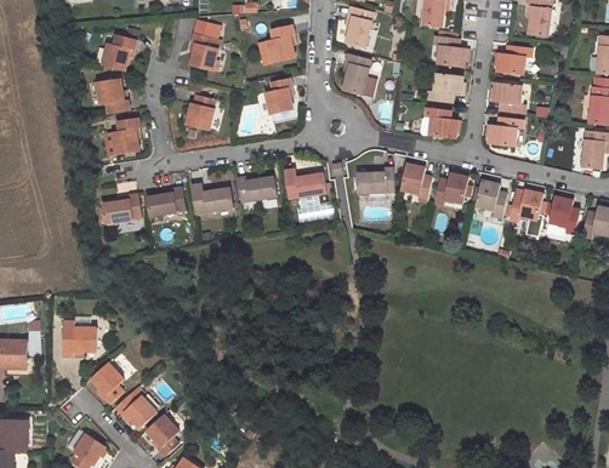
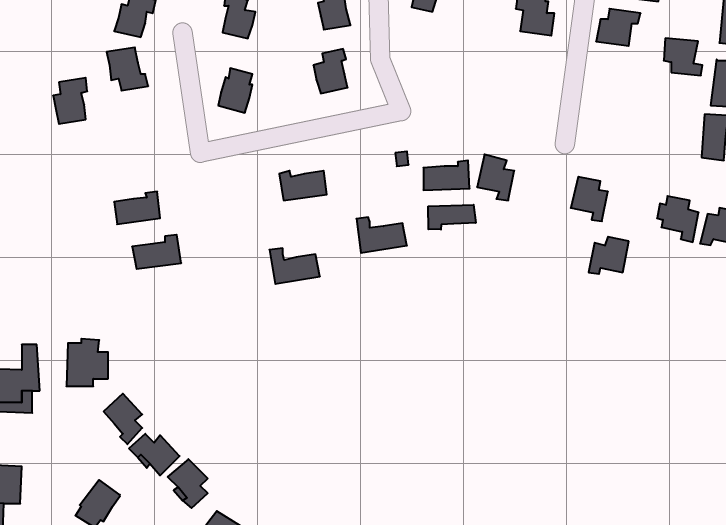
building: [341,53,368,95] -> none
building: [422,74,457,103] -> none
building: [493,82,524,113] -> [664,38,702,75]
building: [420,107,451,139] -> none
building: [112,115,140,153] -> [53,78,87,124]
building: [486,116,522,145] -> none
building: [285,171,326,200] -> [356,217,407,253]
building: [432,175,467,206] -> none
building: [190,184,232,213] -> [269,248,320,284]
building: [144,187,184,215] -> [132,235,181,269]
building: [508,192,541,222] -> [589,237,629,274]
building: none -> [428,205,476,230]

